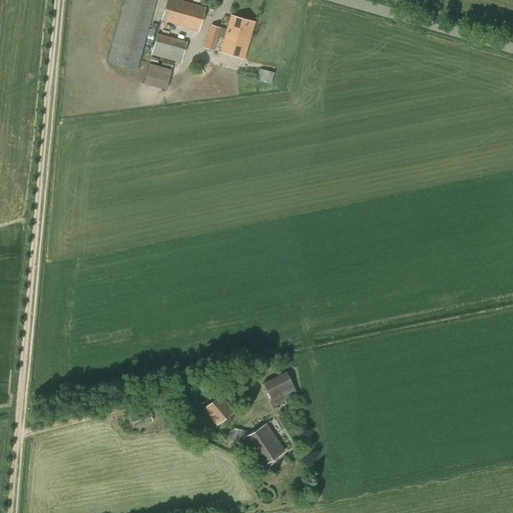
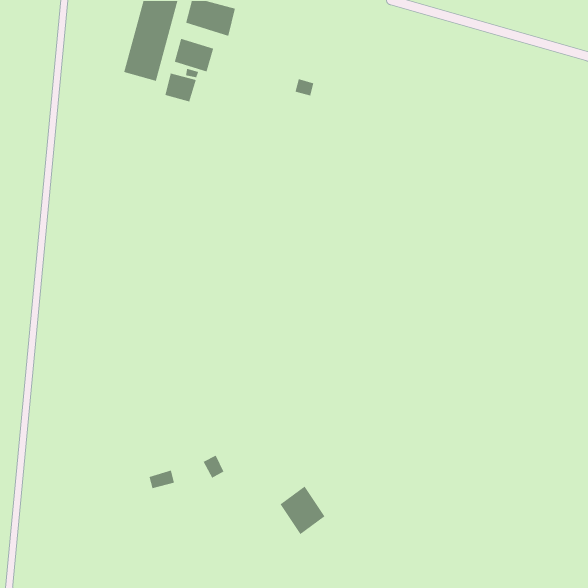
building: [203,15,254,59] -> none
building: [263,371,299,406] -> none
building: [204,395,231,423] -> none

